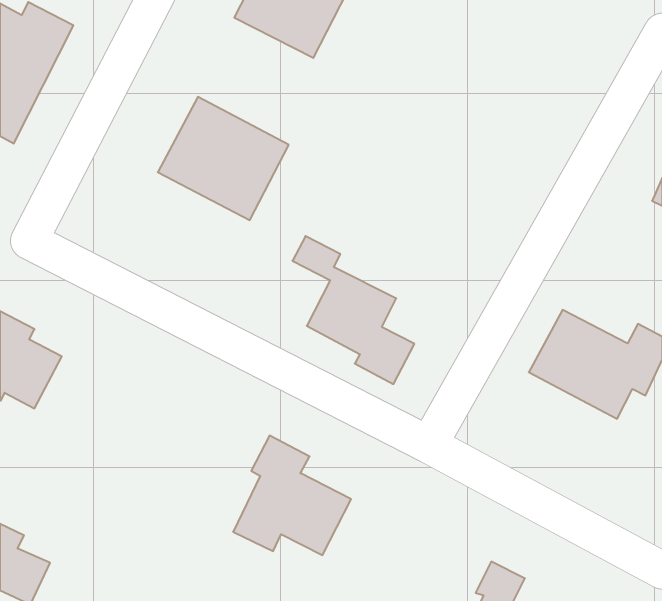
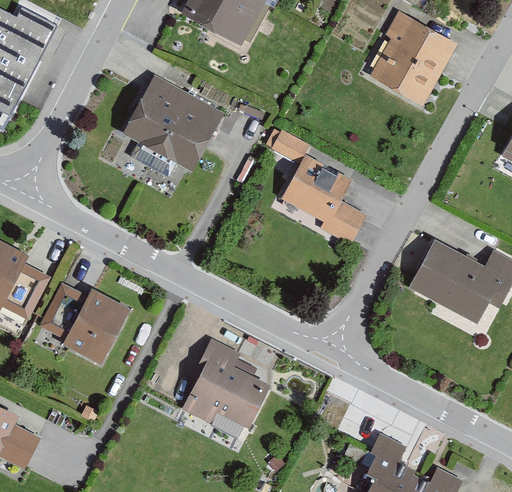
building: none -> [370,12,456,105]
building: [292,236,414,384] -> [272,132,366,246]
building: none -> [39,282,128,363]

